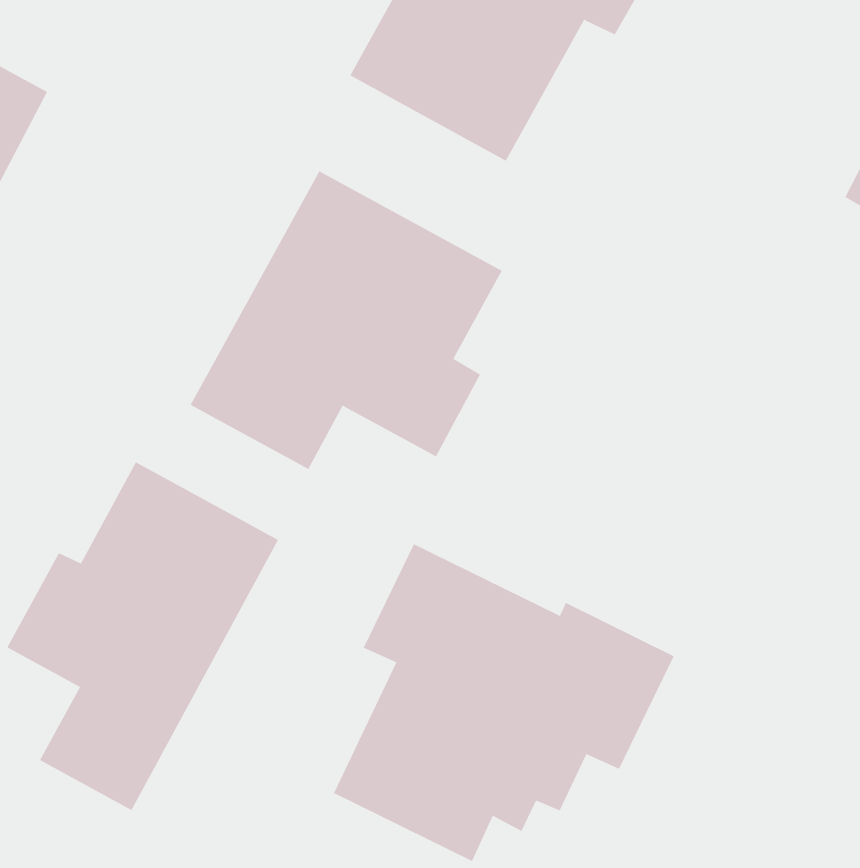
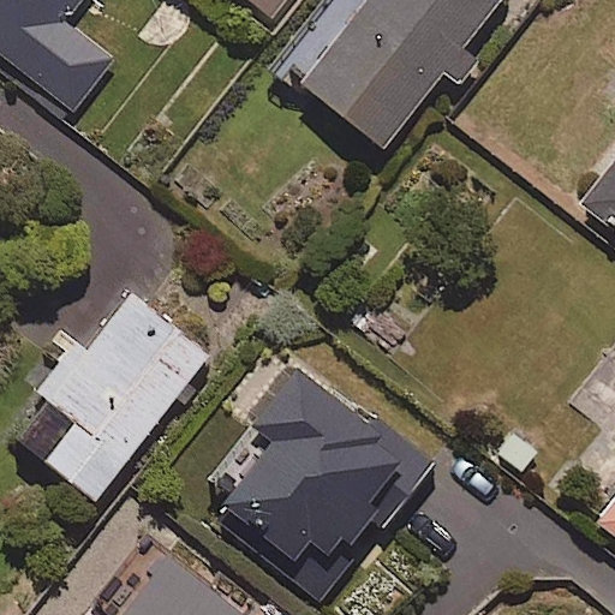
building: [190,170,503,470] -> none

